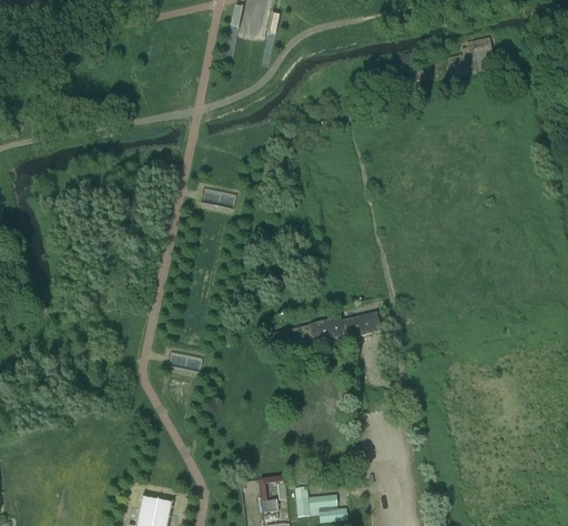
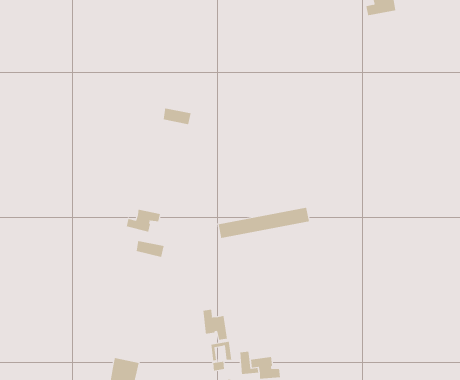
building: none -> [126,209,161,232]
building: none -> [203,309,228,340]

